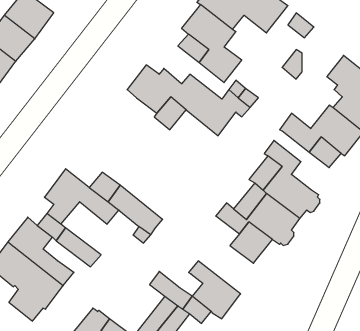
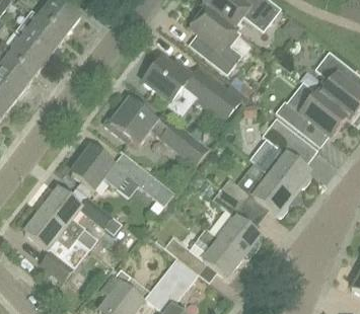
building: none -> [284,81,316,114]
building: none -> [103,99,209,165]
building: none -> [269,116,316,167]
building: none -> [208,189,260,256]

